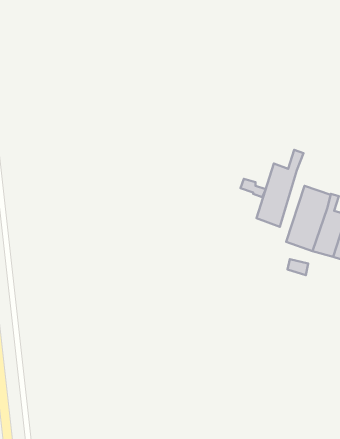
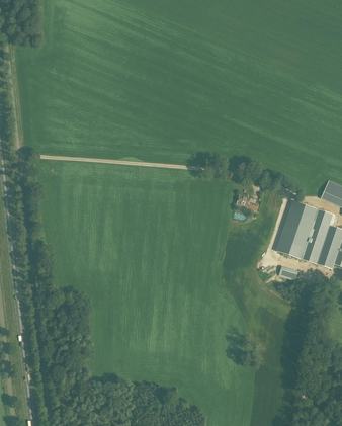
building: [257,150,303,227] -> none

